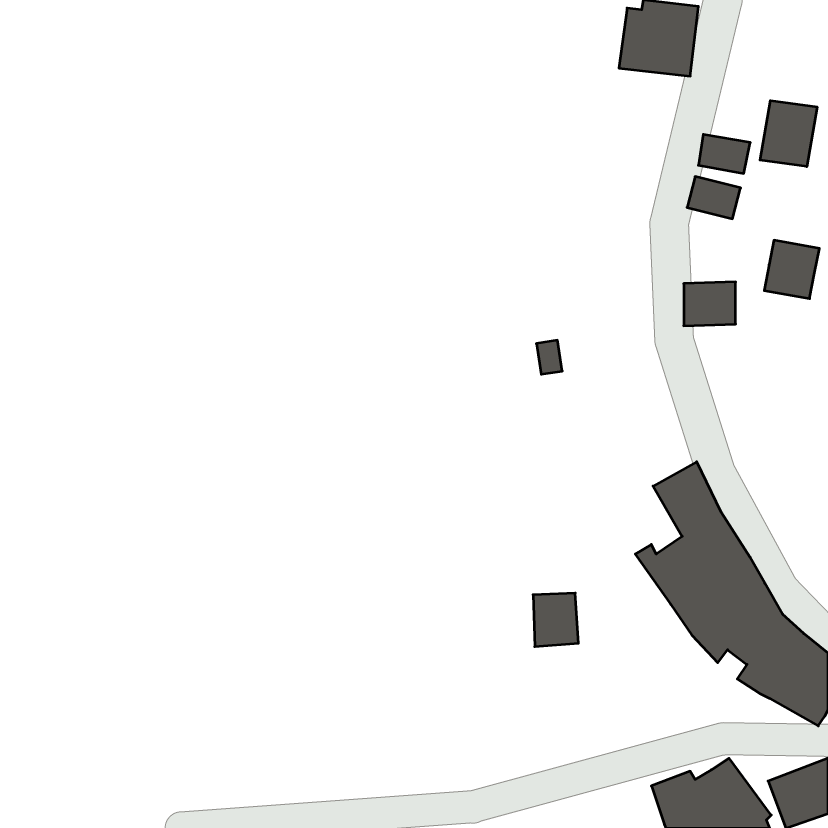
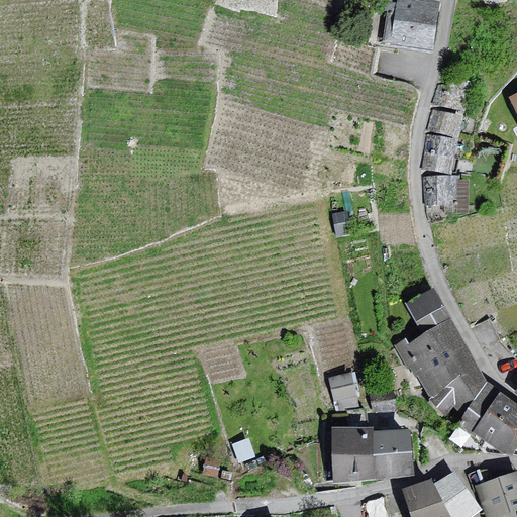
building: [760,101,817,167] -> none
building: [764,240,819,299] -> [422,135,456,172]
building: none -> [334,428,412,481]

